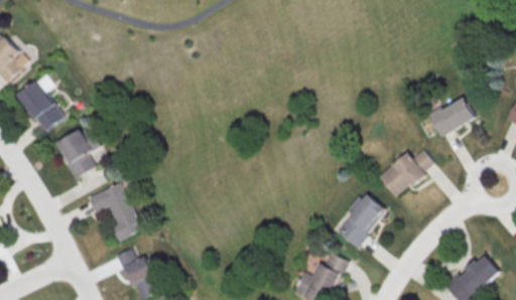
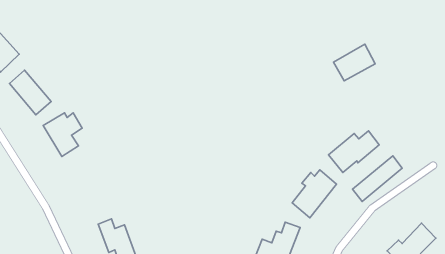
building: [429,96,477,137] -> [334,44,375,81]
building: none -> [353,156,402,201]
building: [87,182,140,240] -> none

